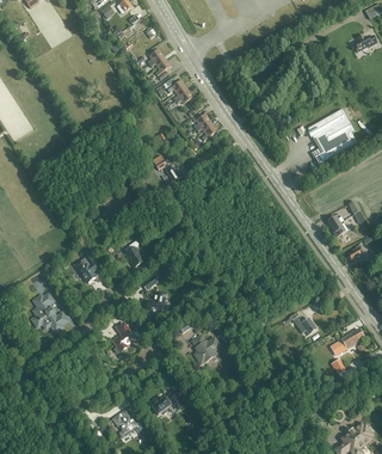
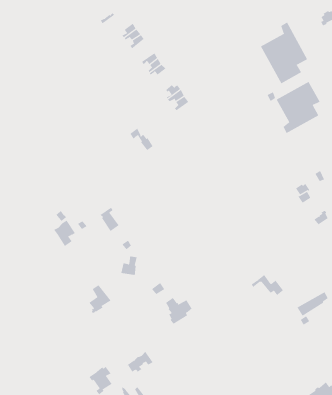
building: none -> [260,21,308,84]
building: [32,293,68,331] -> none

